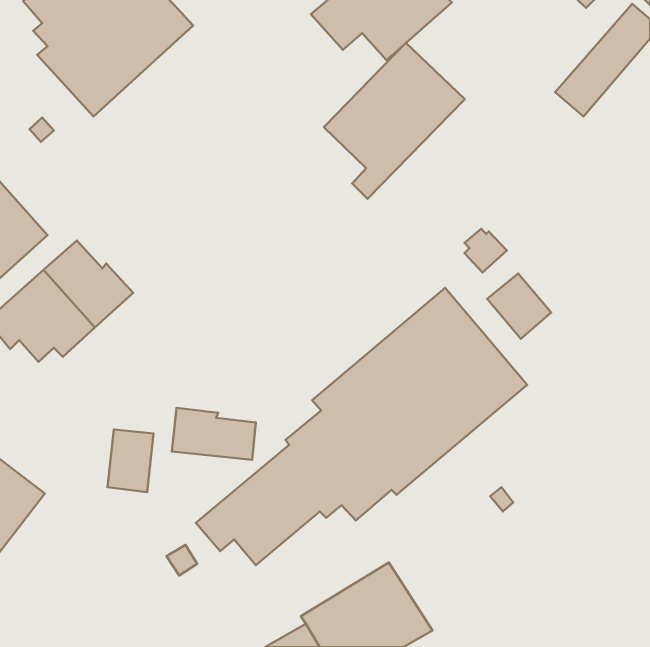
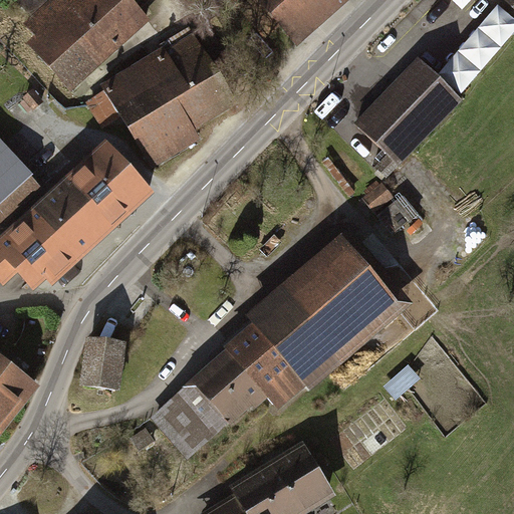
building: none -> [89,32,241,171]
building: [324,43,465,199] -> [350,54,461,177]
building: none -> [60,146,149,230]
building: [487,273,551,339] -> none
building: [172,408,256,460] -> none

